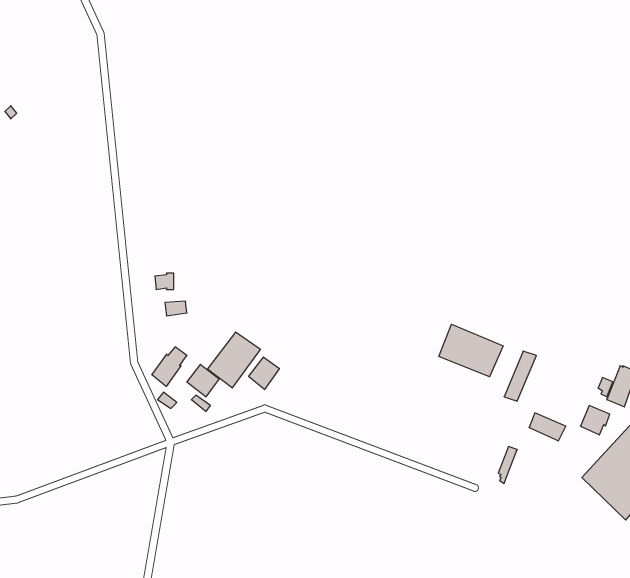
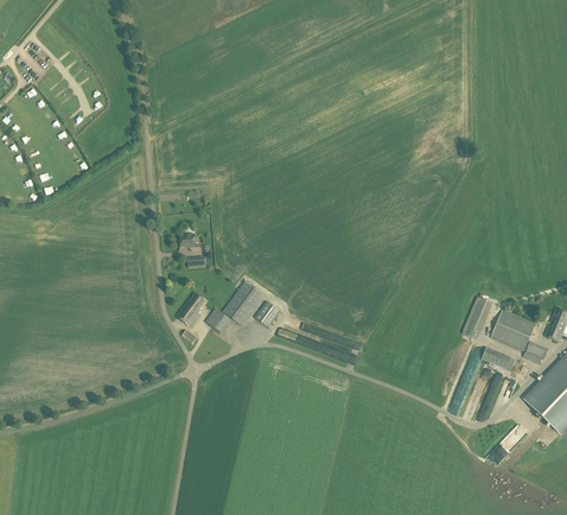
building: [439,324,503,377] -> none
building: none -> [491,310,535,351]

